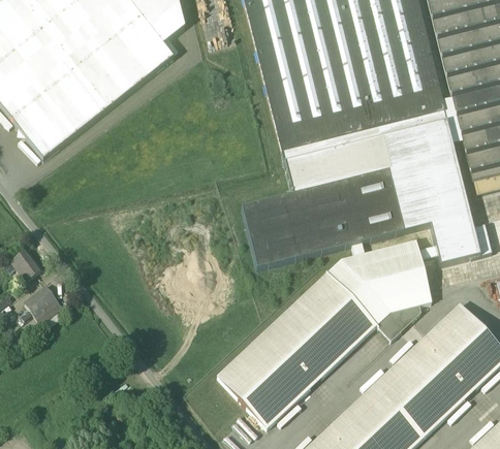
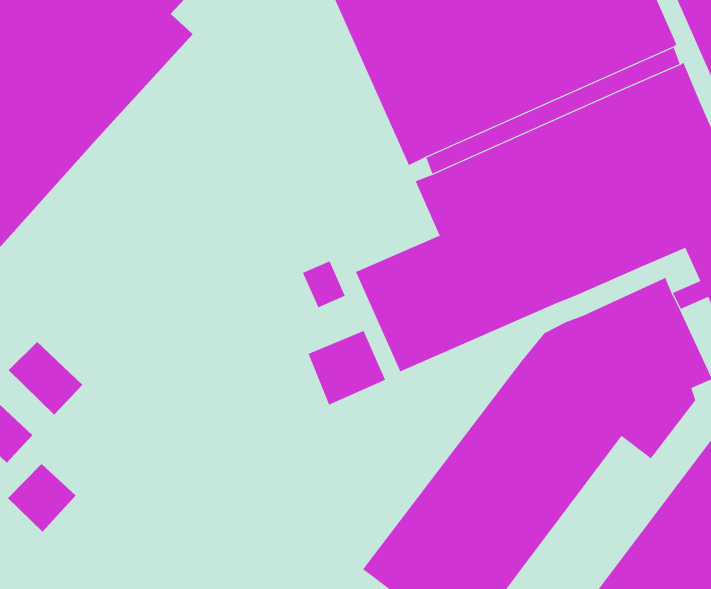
building: none -> [302,261,346,308]
building: none -> [8,341,83,415]
building: none -> [308,330,386,405]

